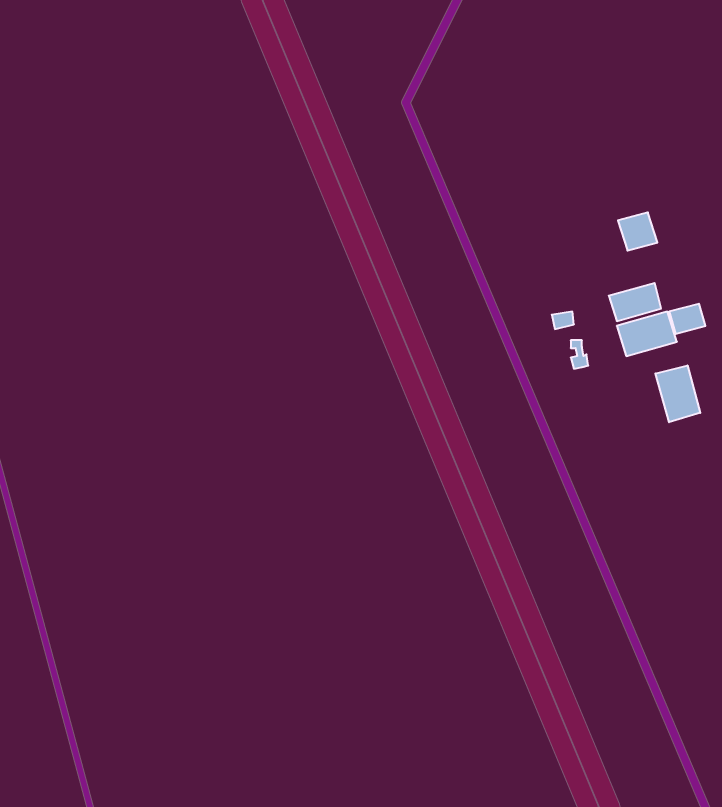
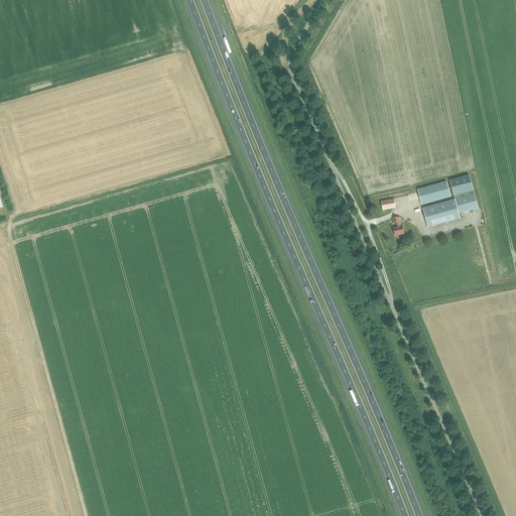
building: [618,212,657,251] -> [448,174,474,199]
building: [655,365,700,422] -> none

